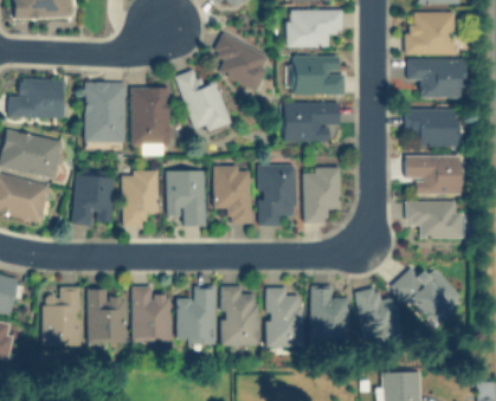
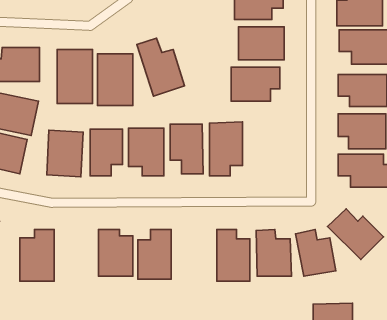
building: [212,33,272,91] -> none
building: [302,168,340,225] -> none
building: [220,286,259,345] -> none
building: [86,289,125,343] -> none

